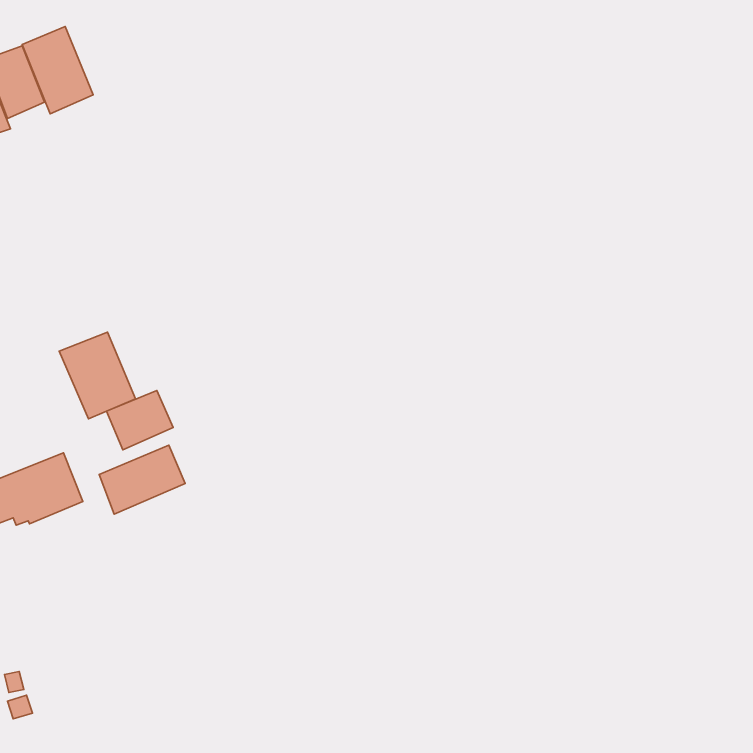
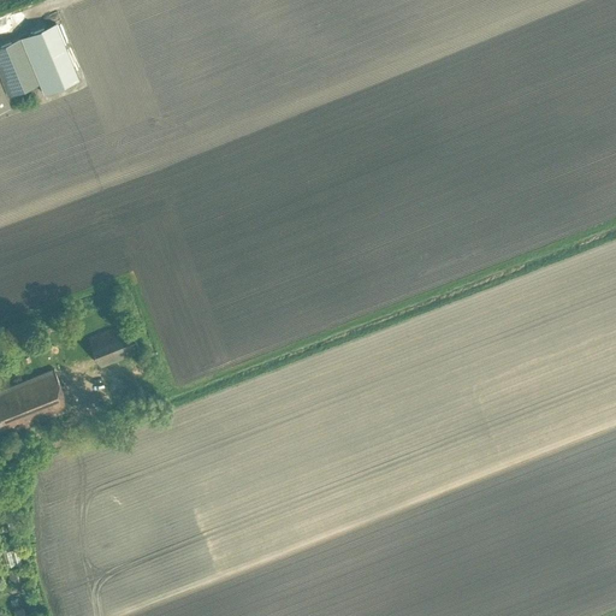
building: [59,332,136,419] -> none
building: [99,445,185,514] -> none

